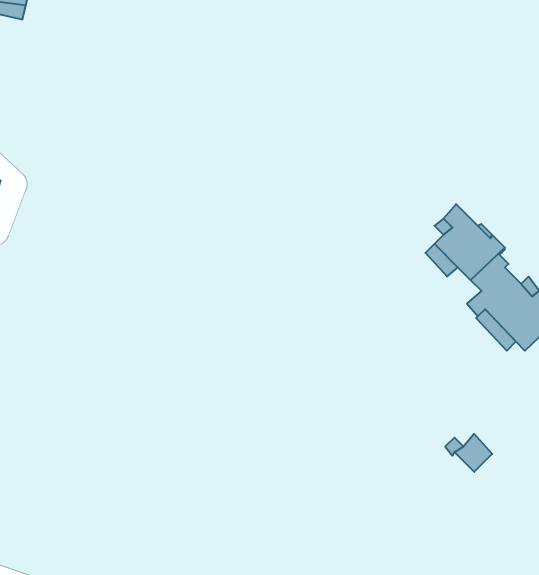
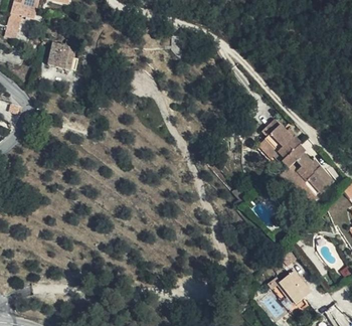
building: none -> [47,39,74,66]
building: none -> [278,271,310,304]

